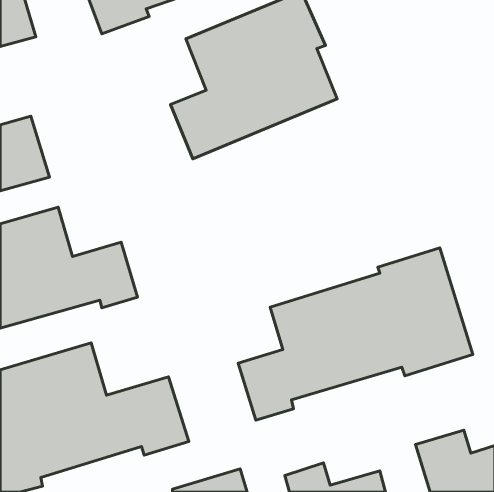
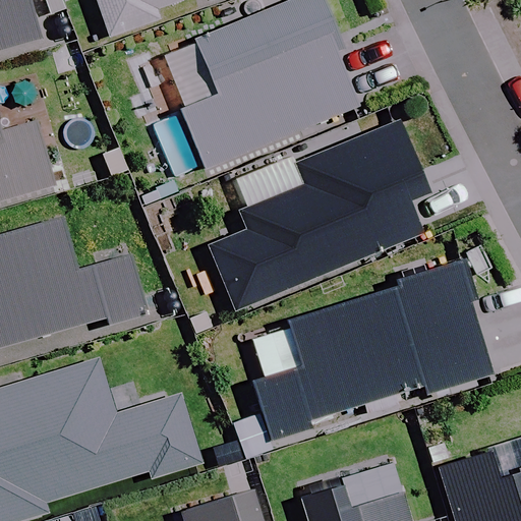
building: none -> [207,121,427,310]

